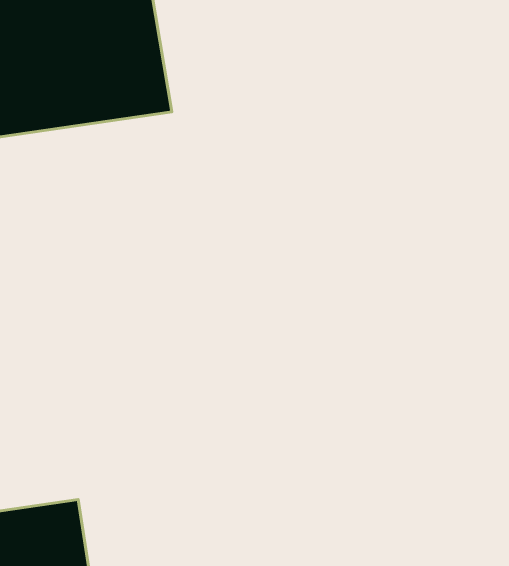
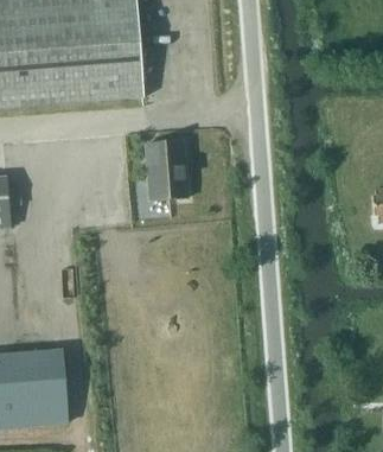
building: none -> [147,141,190,200]

